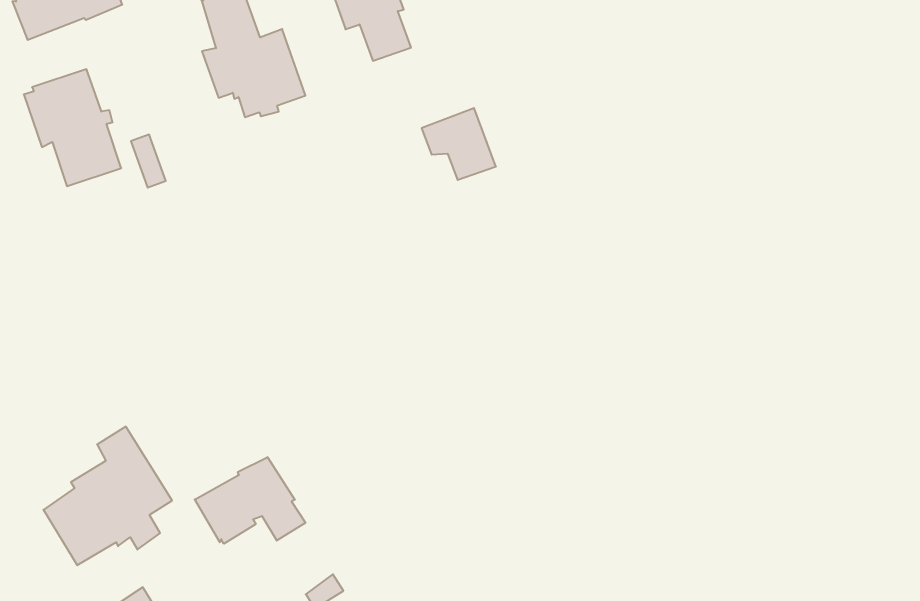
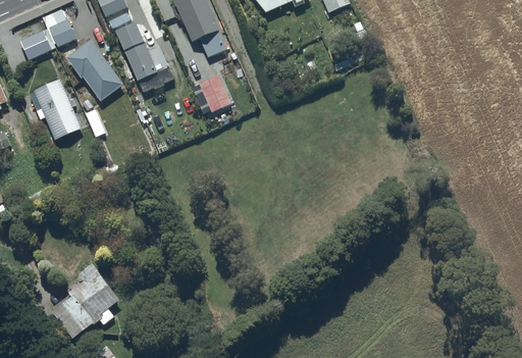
building: none -> [66,40,123,102]
building: [422,108,496,180] -> [192,75,231,113]
building: [195,457,305,544] -> none

